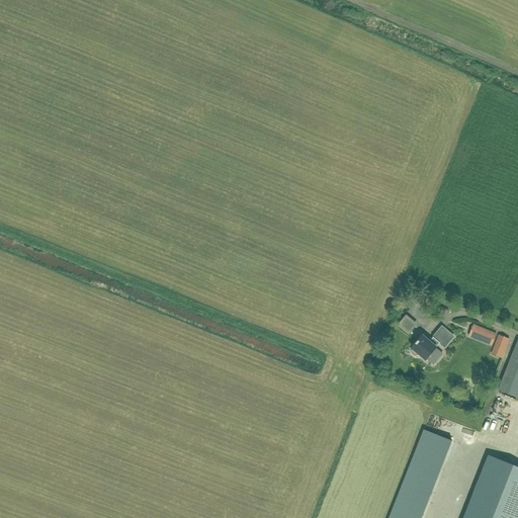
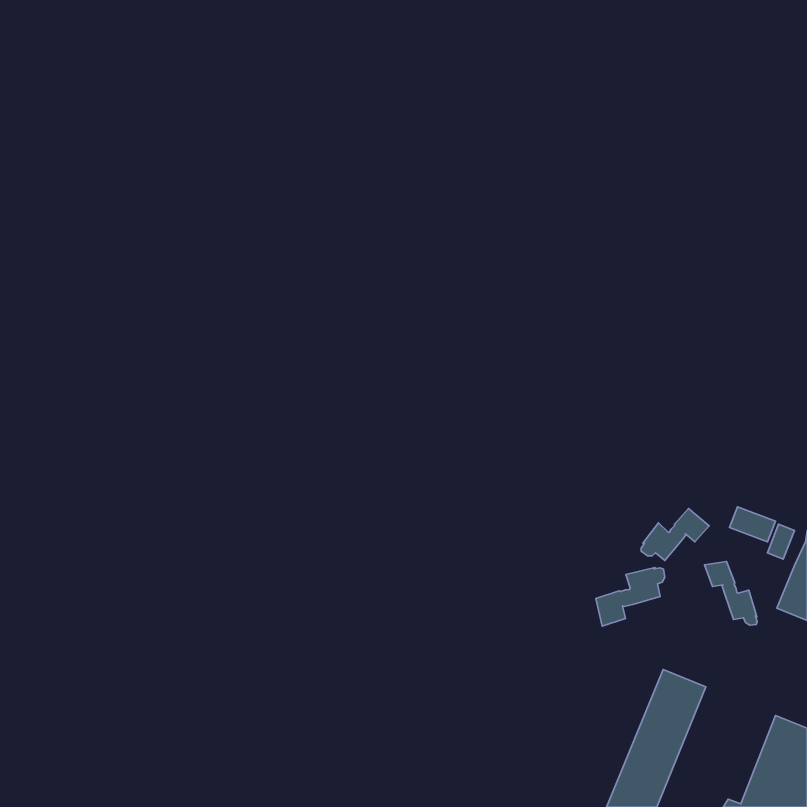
building: none -> [704,561,757,625]
building: none -> [596,567,665,626]

